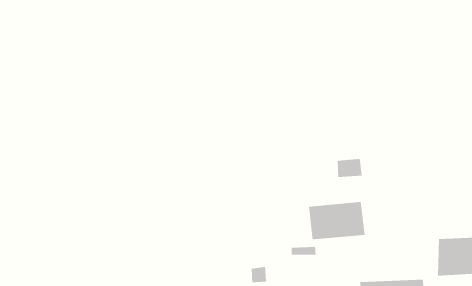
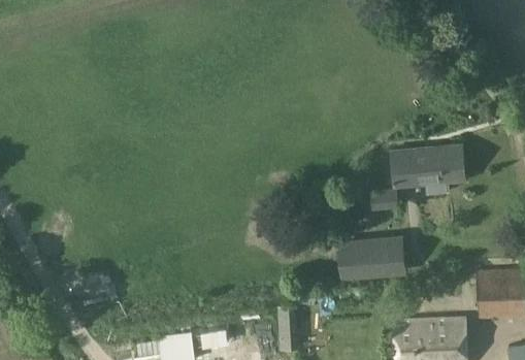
building: none -> [391,146,465,196]

